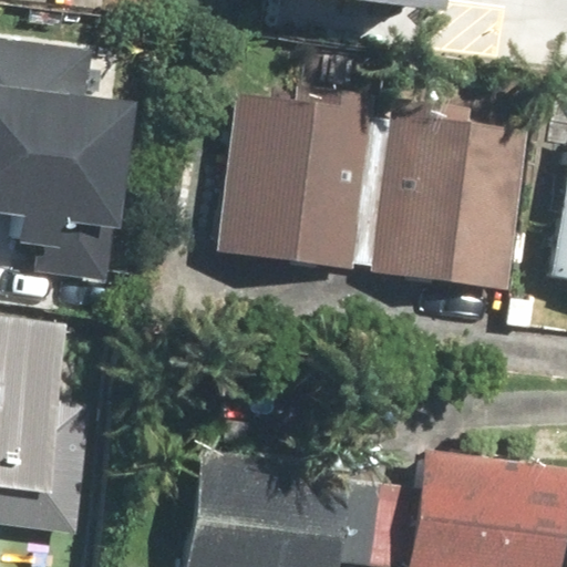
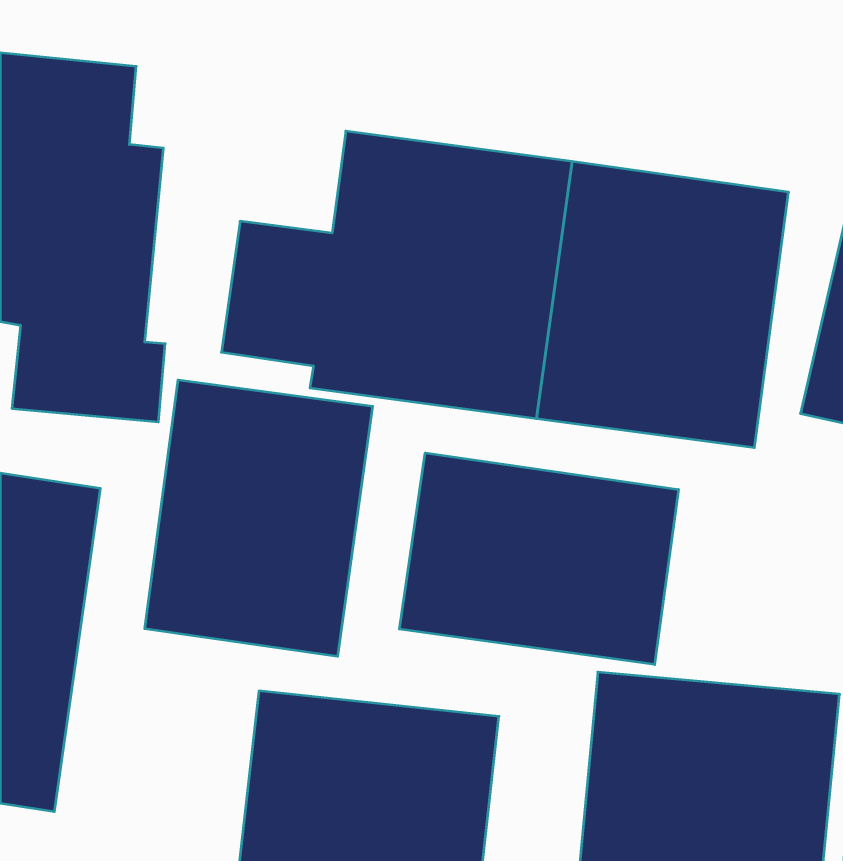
building: none -> [145,380,373,656]
building: none -> [399,453,678,665]

